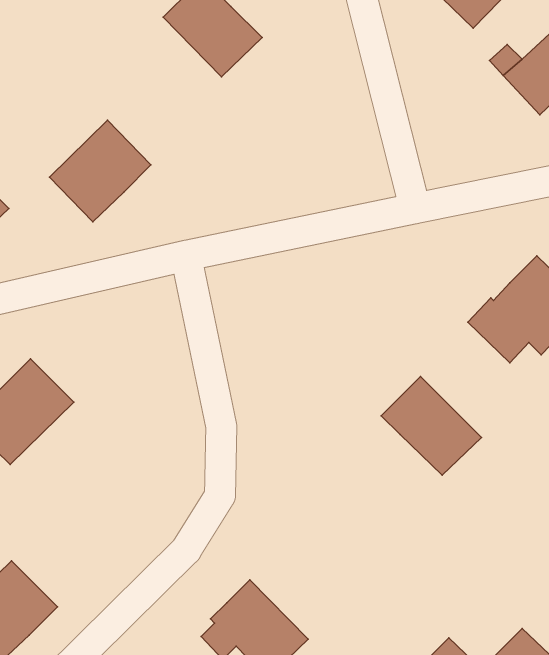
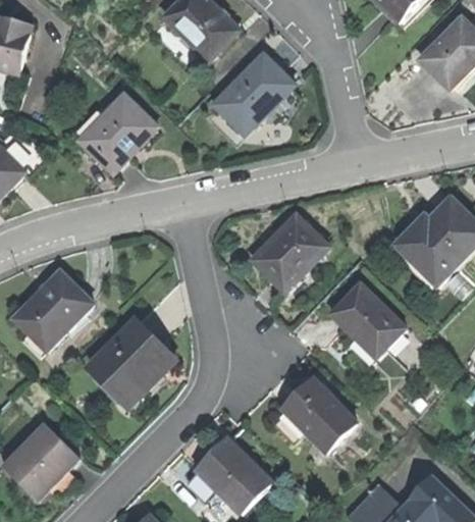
building: none -> [213,53,292,130]
building: none -> [248,217,325,291]
building: none -> [94,321,179,408]
building: none -> [277,379,356,452]

